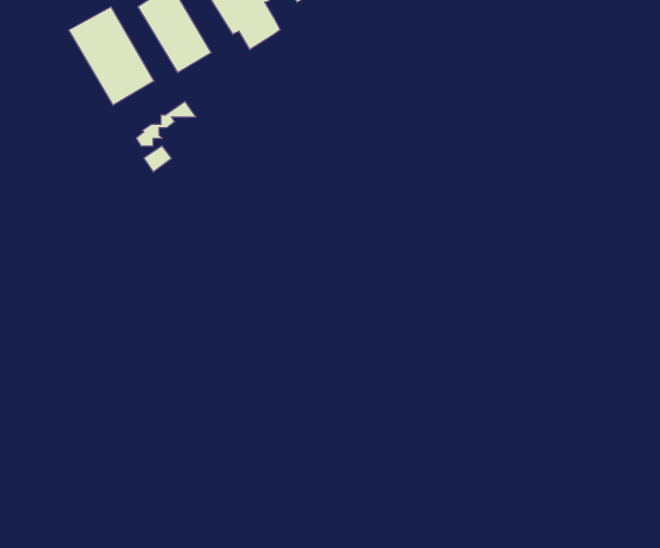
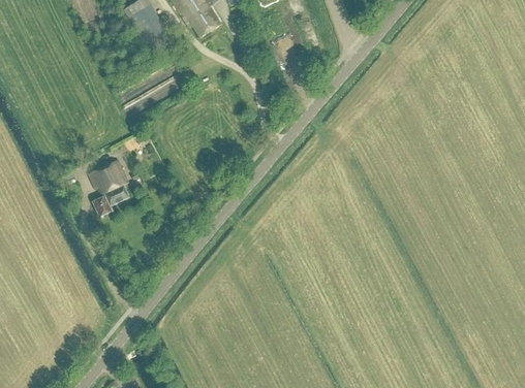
building: [69,7,154,105] -> none
building: none -> [87,159,128,217]

